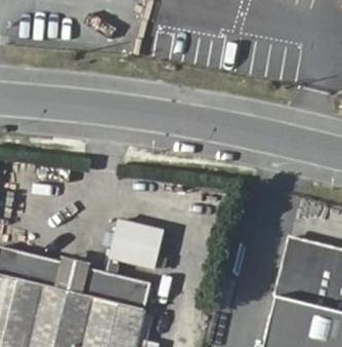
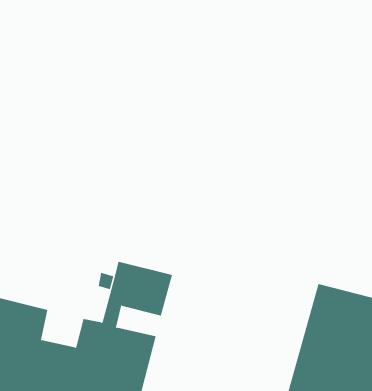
building: [69,260,103,296] -> none

